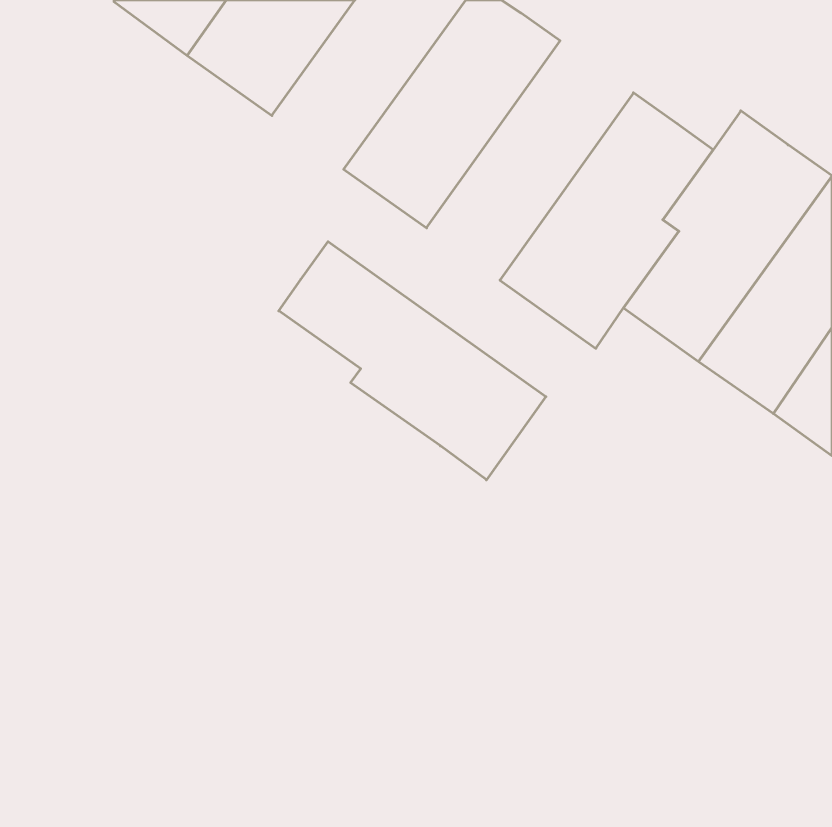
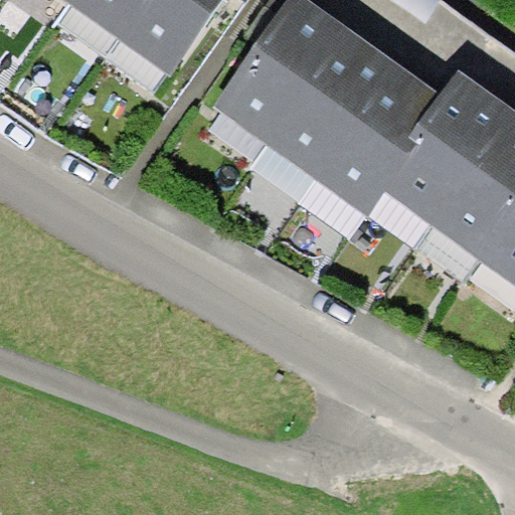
building: none -> [264,28,391,176]
building: [279,242,546,480] -> none

